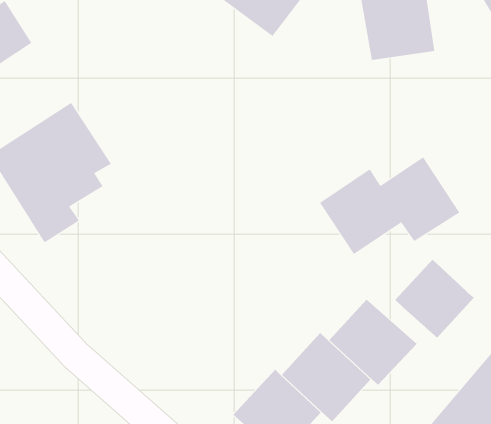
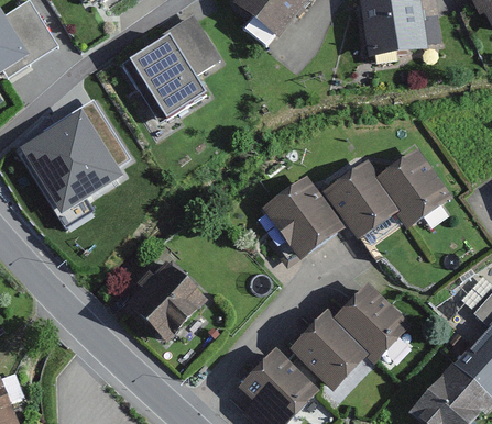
building: none -> [125,9,223,122]
building: none -> [258,177,341,261]
building: [395,259,475,339] -> none
building: none -> [124,265,205,345]

